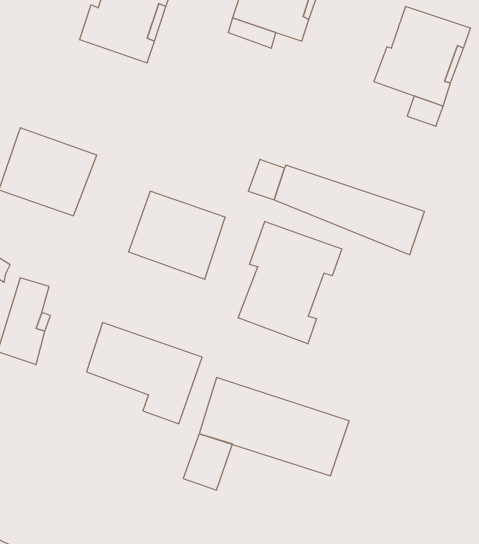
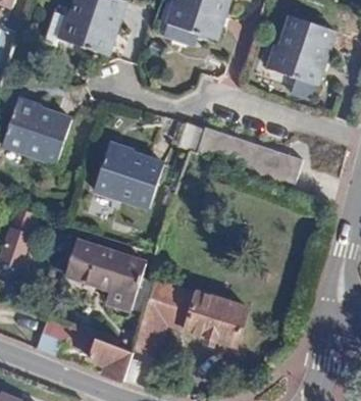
building: [238,221,342,344] -> none
building: none -> [36,317,132,382]

